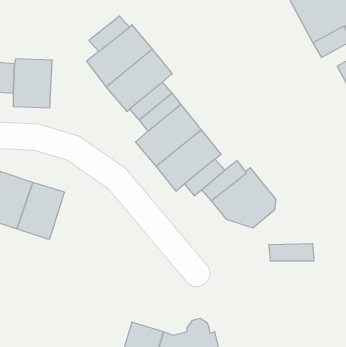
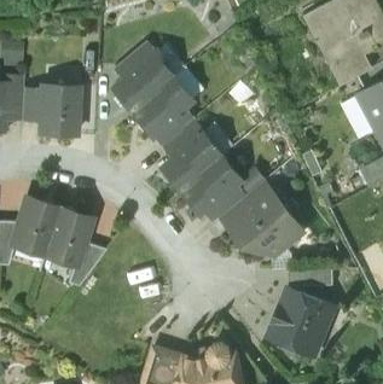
building: none -> [65,240,104,285]
building: none -> [272,287,333,354]

